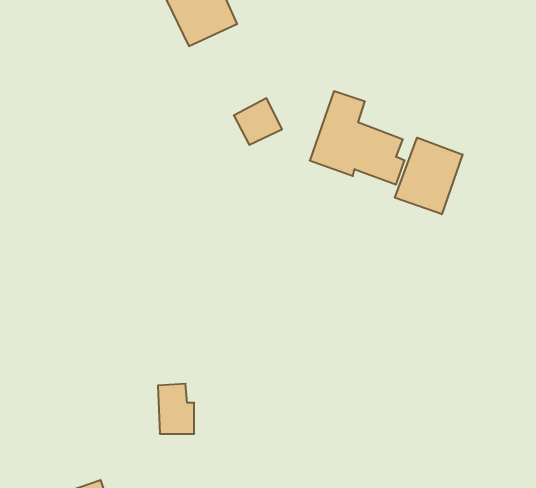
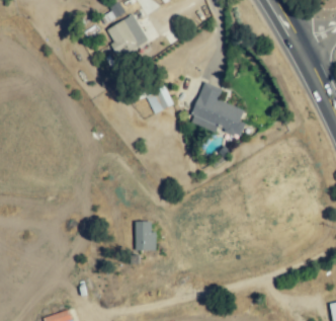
building: [395,138,463,214] -> none
building: [158,384,194,434] -> [135,221,156,250]

